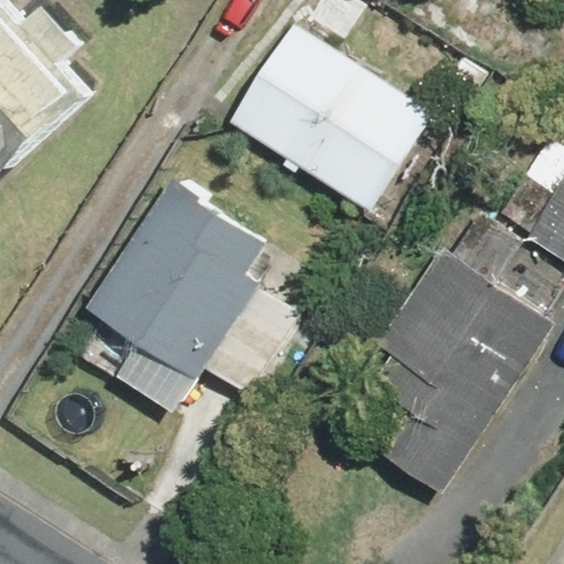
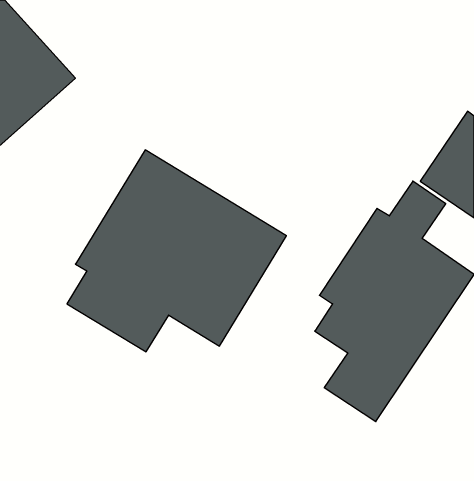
building: [230,20,437,212] -> none

